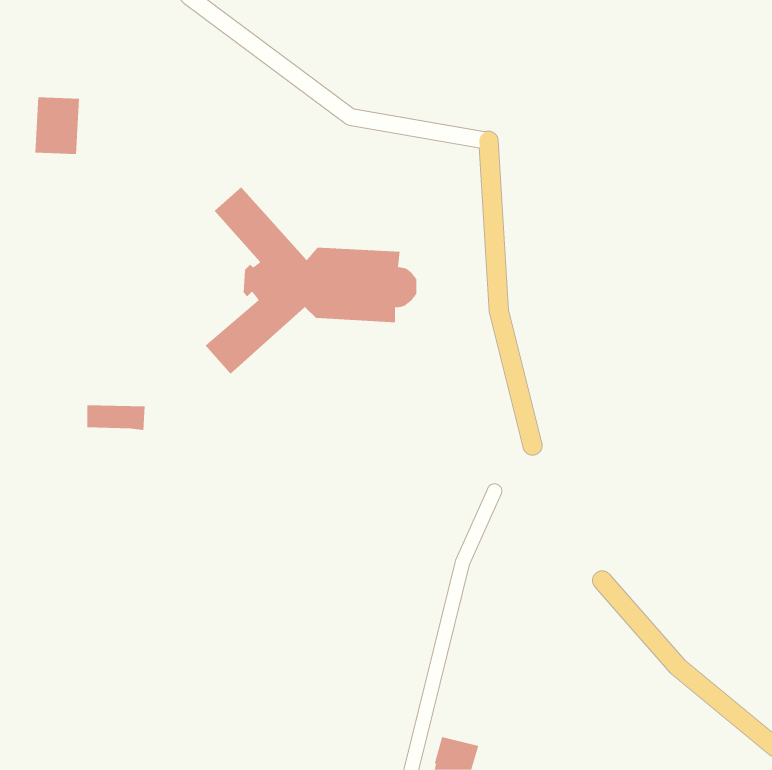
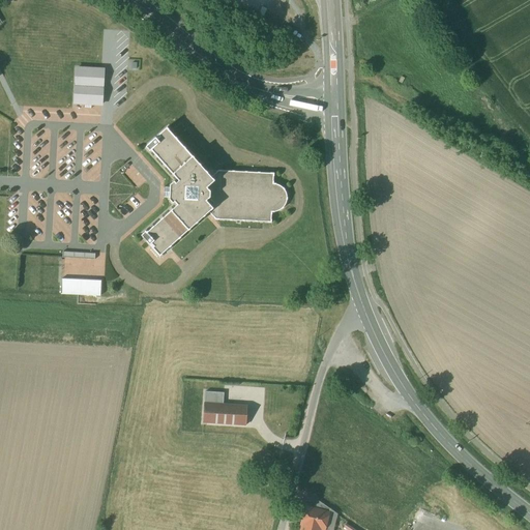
building: [34,97,80,154] -> [75,65,106,105]
building: none -> [205,401,248,422]

